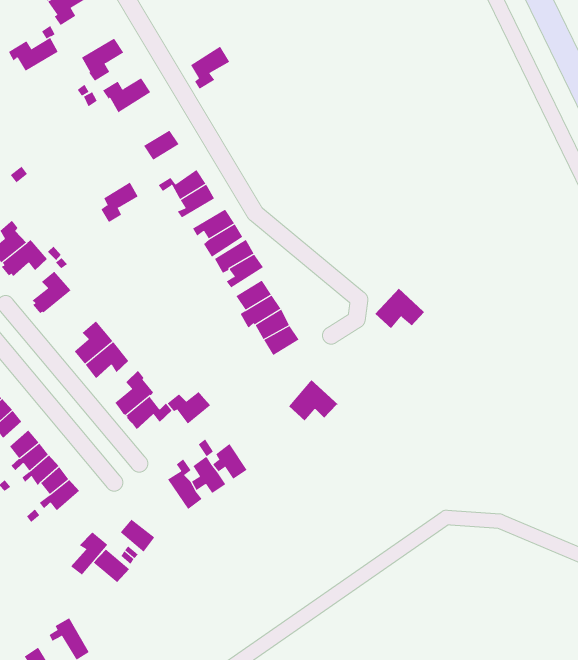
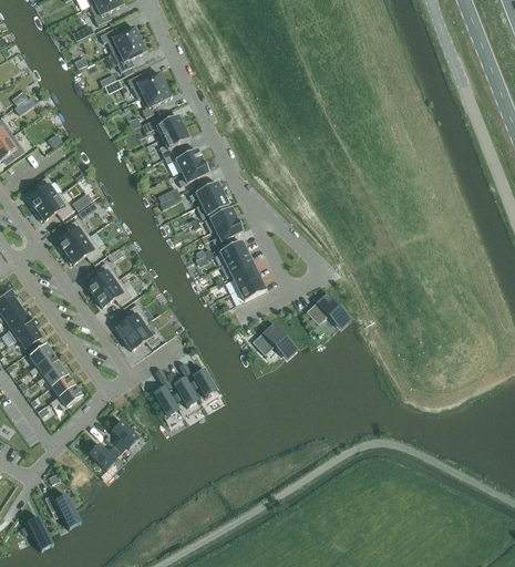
building: [8,37,59,71] -> [100,25,140,51]
building: [190,46,230,90] -> [140,83,172,116]
building: [100,182,138,223] -> [158,126,189,157]
building: [374,288,432,329] -> [306,291,351,323]
building: none -> [64,235,101,264]
building: [167,391,211,425] -> none
building: [70,531,108,576] -> none

